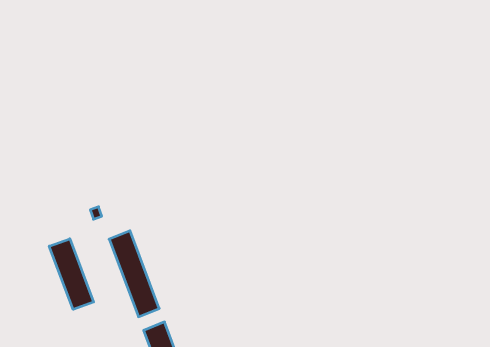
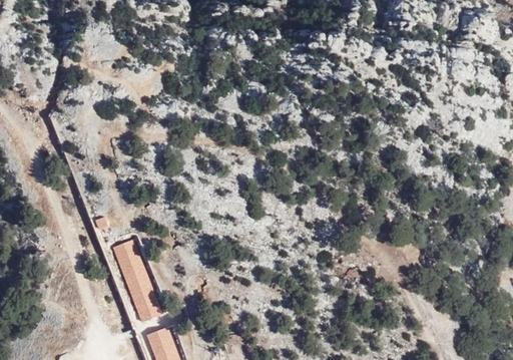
building: [49,239,94,309] -> none

